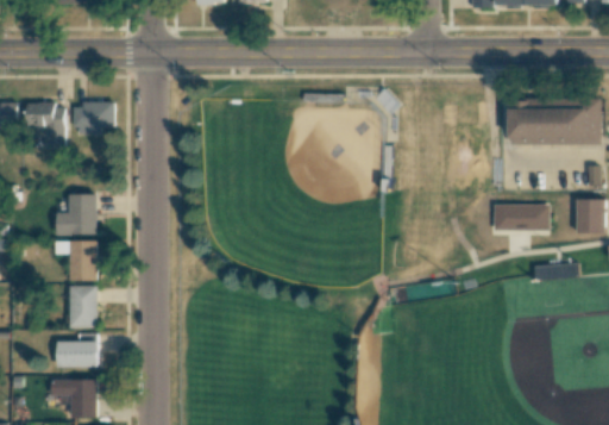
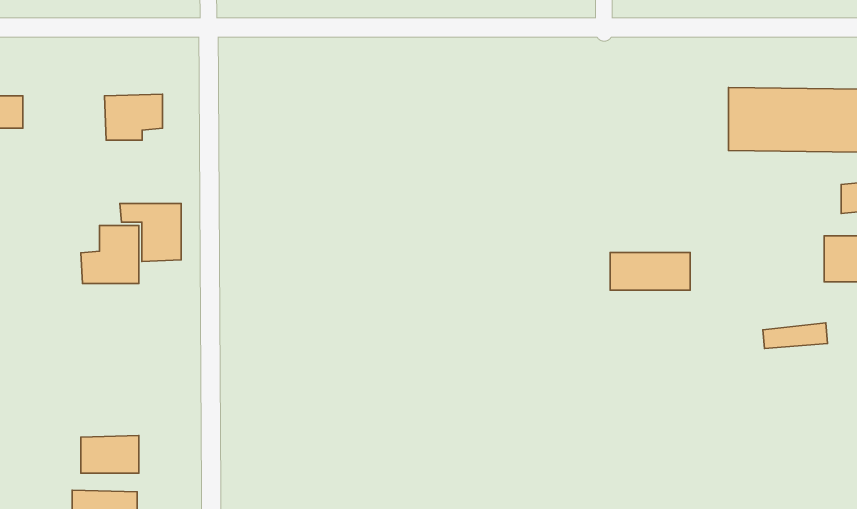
building: [26,104,65,146] -> none
building: [494,204,550,230] -> [610,253,690,290]
building: [55,240,98,281] -> [120,204,181,262]
building: [70,286,98,327] -> none

